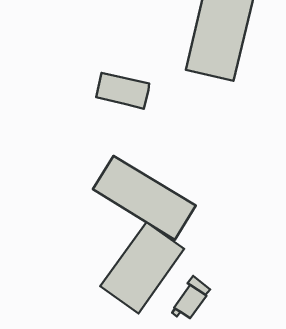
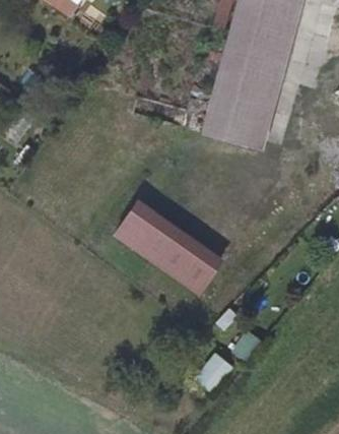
building: [96,73,149,109] -> [209,106,269,146]
building: [100,222,184,314] -> none

